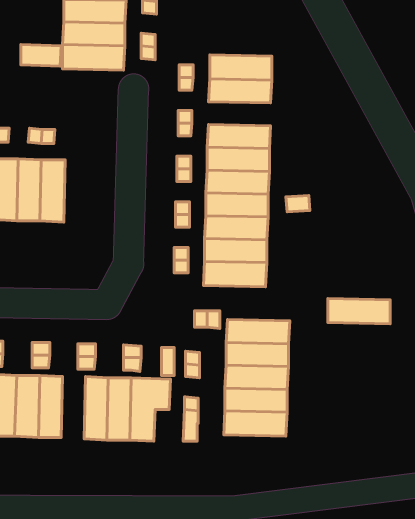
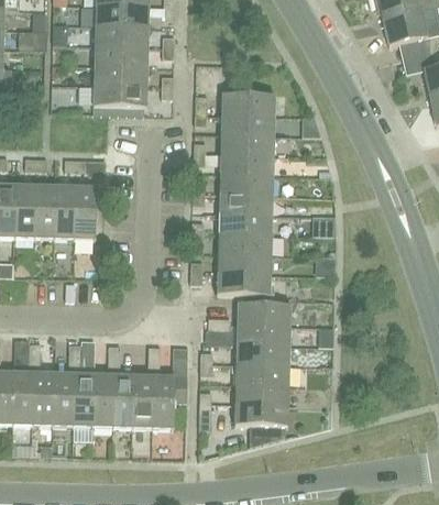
building: none -> [220,133,274,154]
building: [328,298,390,324] -> [237,301,290,323]
building: none -> [92,372,113,426]

